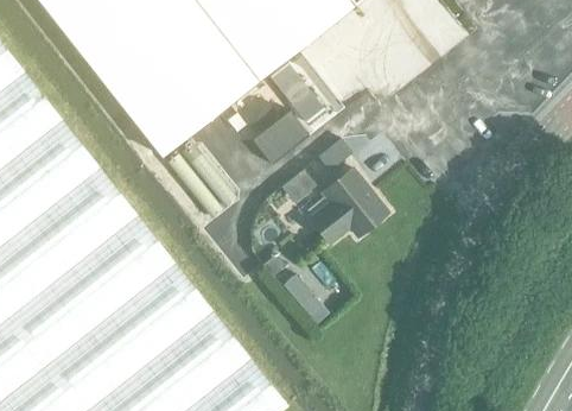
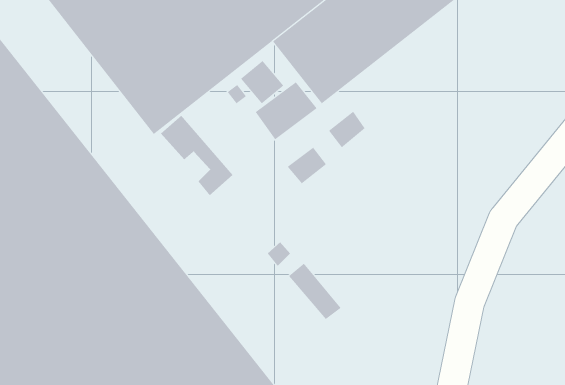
building: [309,167,387,242] -> none

